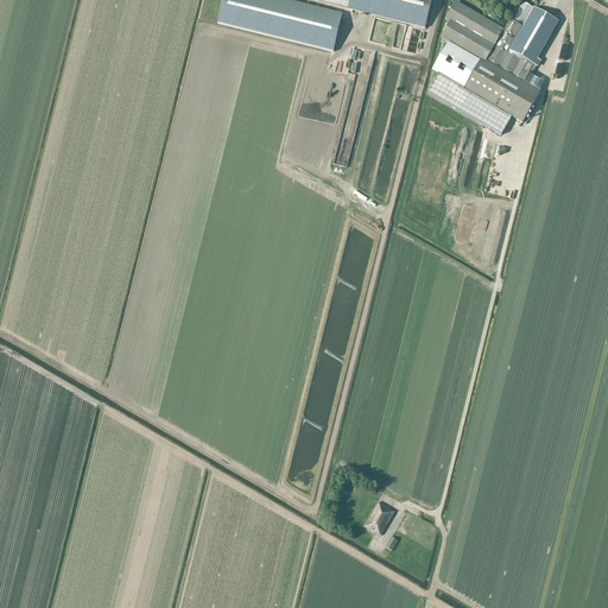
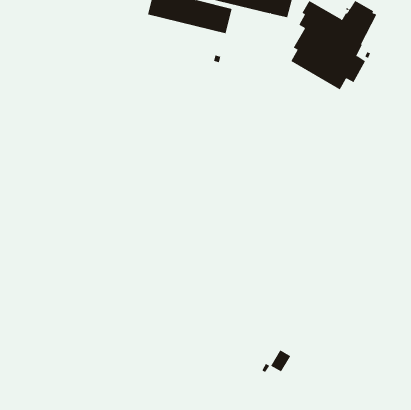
building: [365,501,395,534] -> [270,350,291,372]

